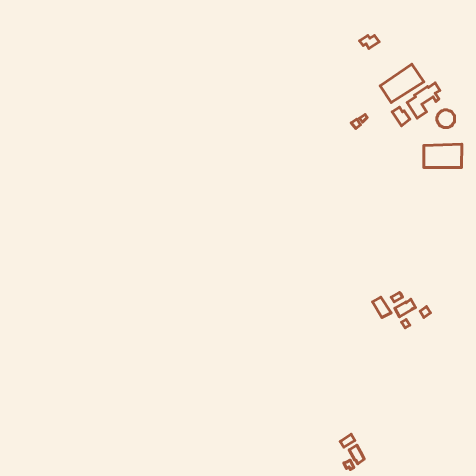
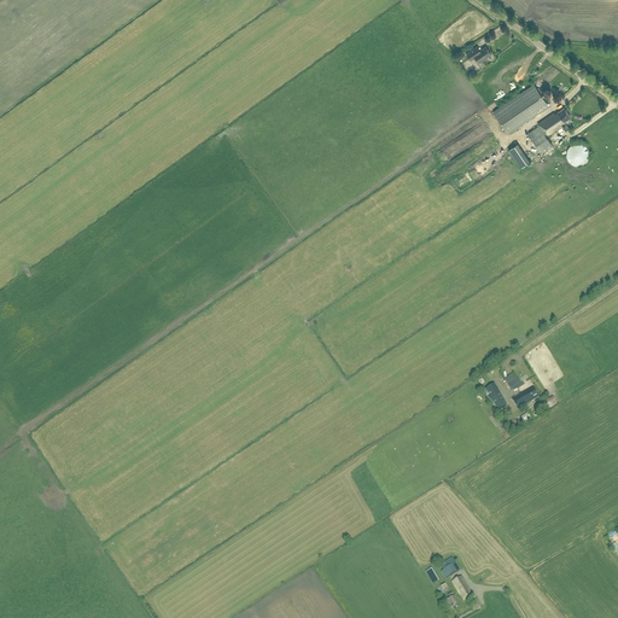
building: [424,144,462,167] -> none

